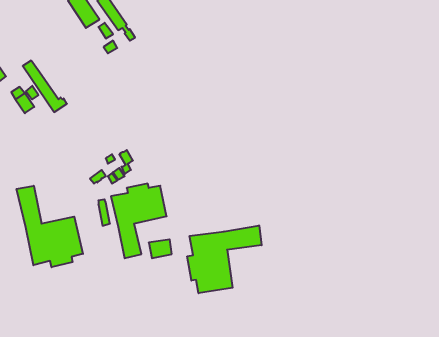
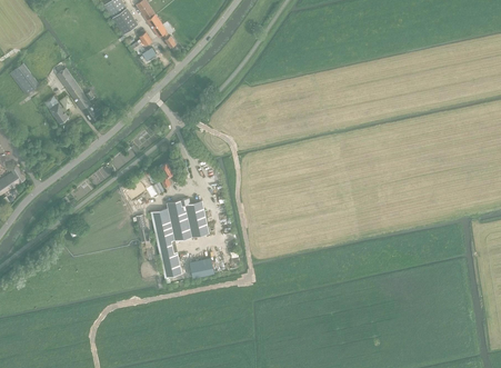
building: [17,186,83,267] -> none
building: [187,225,262,293] -> none

